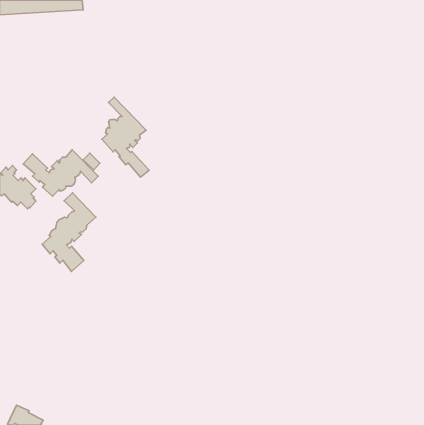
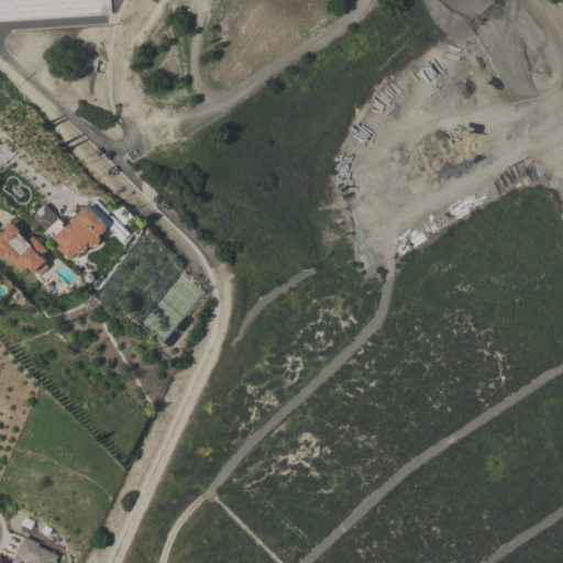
building: [102,97,149,177] -> none
building: [42,193,96,271] -> none

